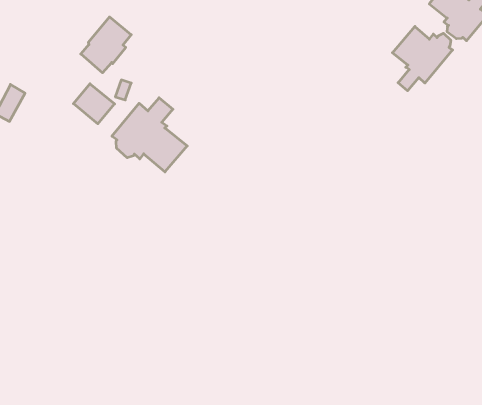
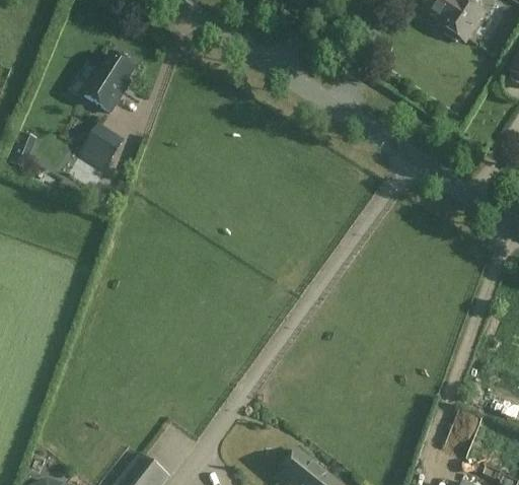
building: [392,26,453,91] -> none
building: [112,98,187,172] -> none

